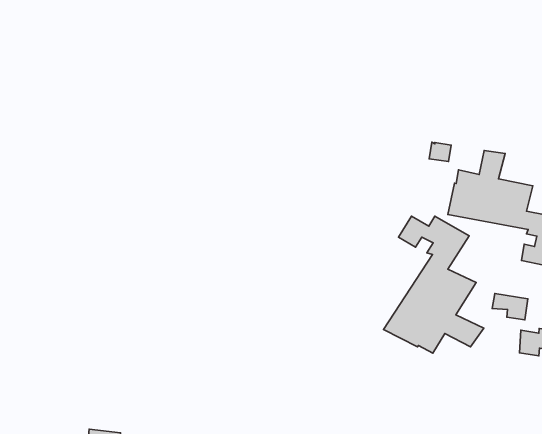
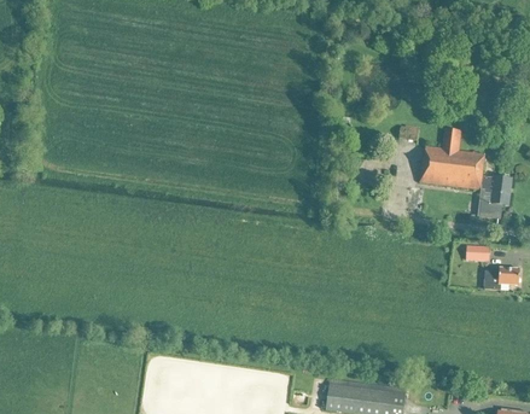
building: [383,216,484,353] -> none

